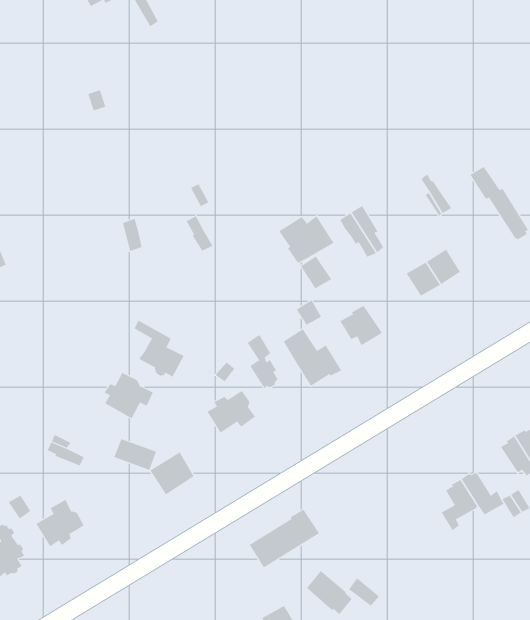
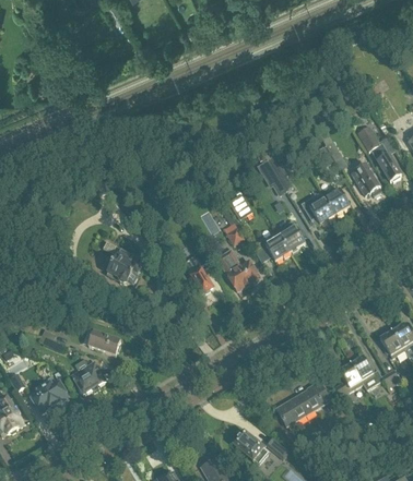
building: none -> [351,163,382,196]
building: [278,216,334,263] -> none
building: none -> [278,221,306,252]
building: [104,372,154,419] -> none
building: [207,390,256,433] -> none
building: [150,452,195,495] -> [71,362,105,395]
building: [249,509,320,568] -> [276,382,330,426]

